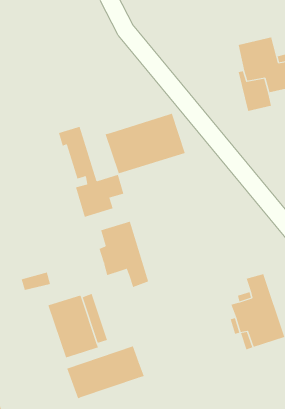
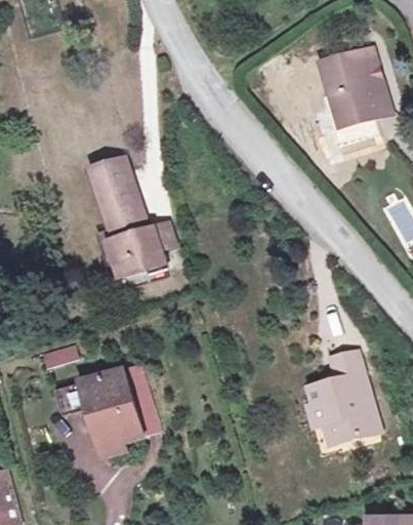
building: [105,113,186,174] -> none
building: [99,221,149,288] -> none
building: [66,346,144,399] -> none

